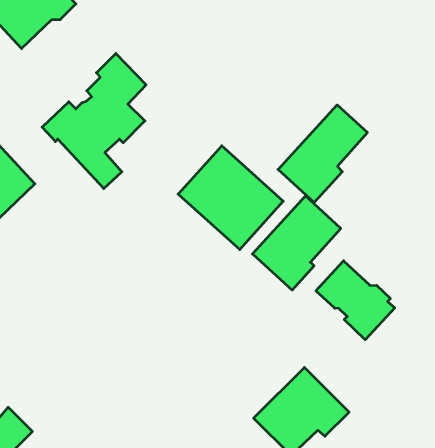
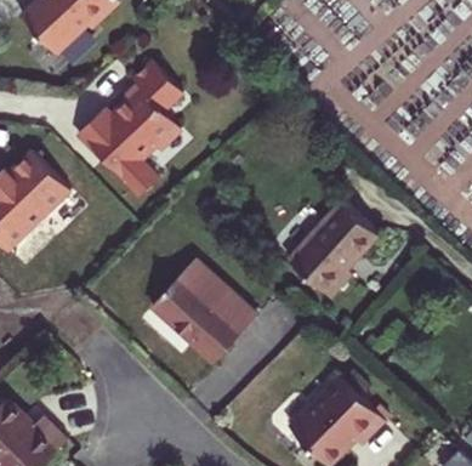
building: [278,105,367,202] -> none
building: [178,146,283,250] -> [150,258,256,363]
building: [316,261,395,340] -> none

